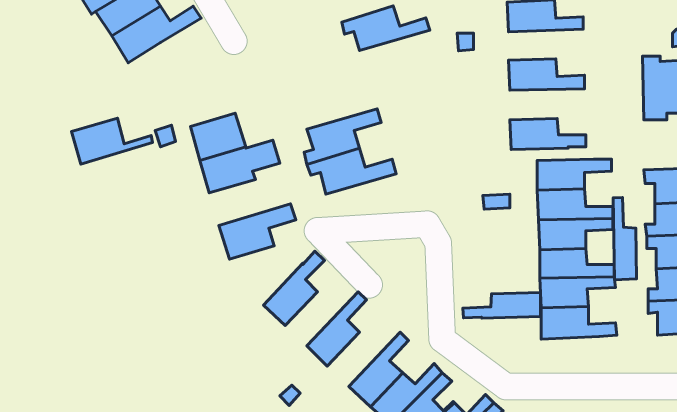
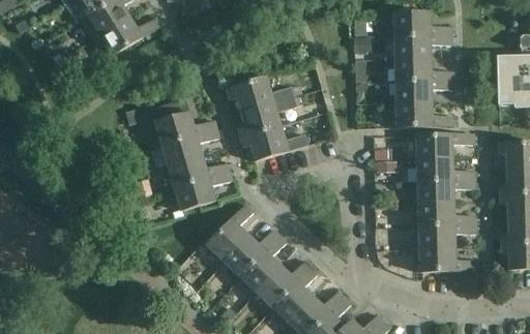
building: [342,6,430,50] -> [227,78,294,112]
building: none -> [394,35,451,59]
building: none -> [395,81,452,104]
building: [71,118,153,164] -> [166,150,228,185]
building: [613,198,636,280] -> none
building: none -> [224,230,279,277]
building: [463,293,540,318] -> none
building: none -> [256,261,312,308]

